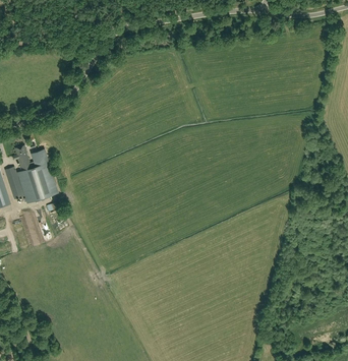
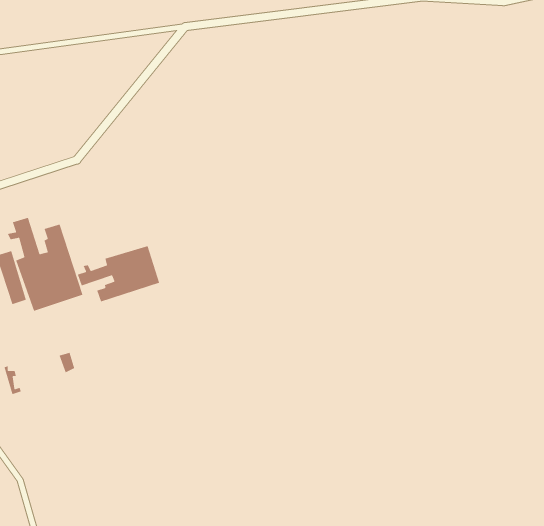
building: none -> [77,245,160,302]

